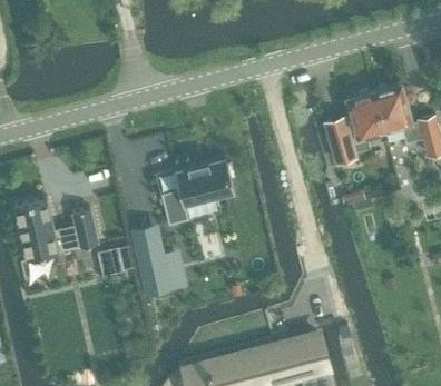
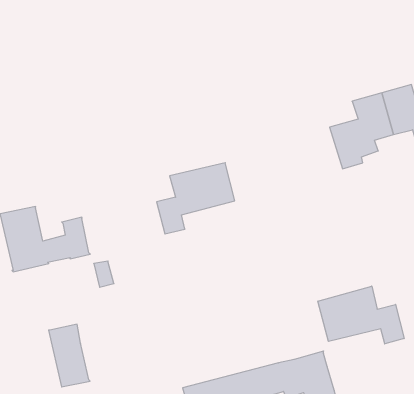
building: [134,237,173,296] -> [49,324,90,387]
building: none -> [318,286,404,344]

